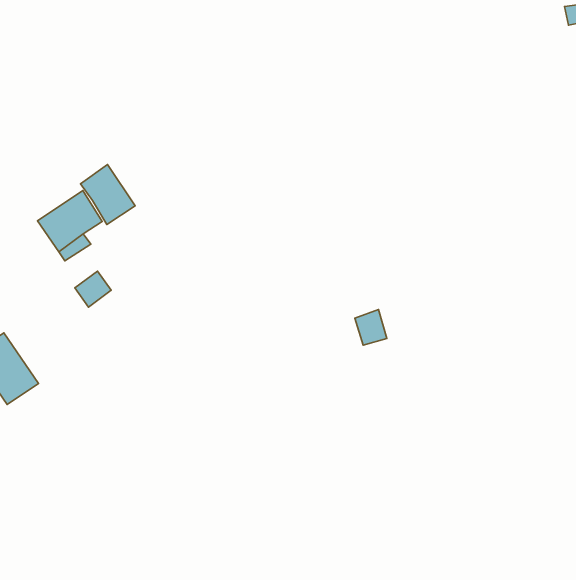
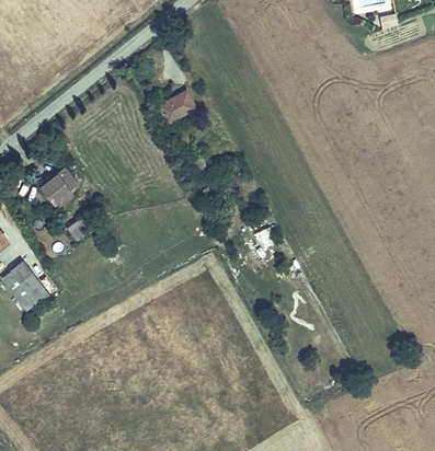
building: none -> [157,95,193,127]
building: [81,164,135,225] -> none

